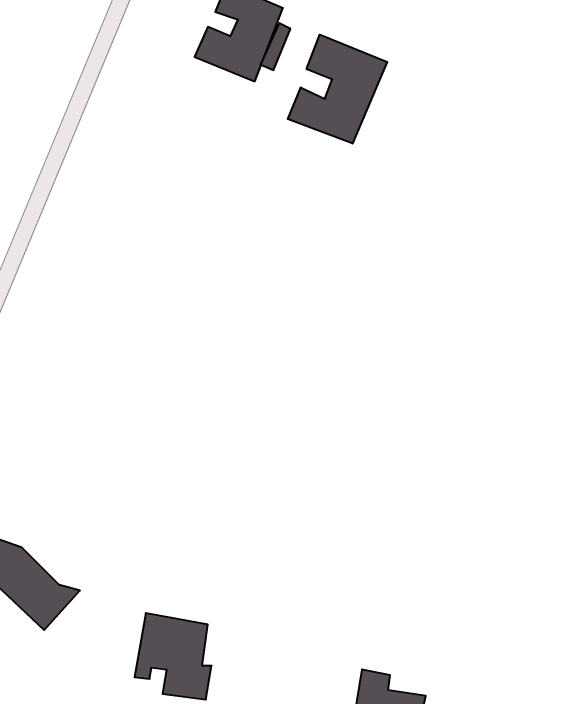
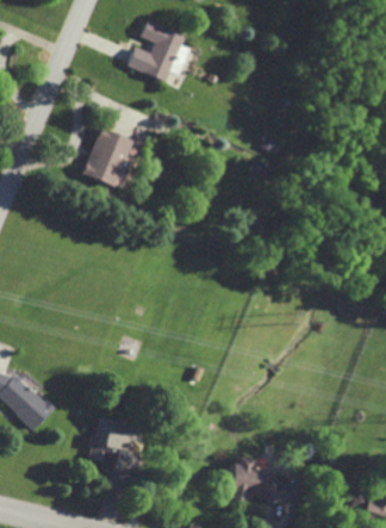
building: [288,35,387,144] -> none
building: none -> [82,128,132,188]

